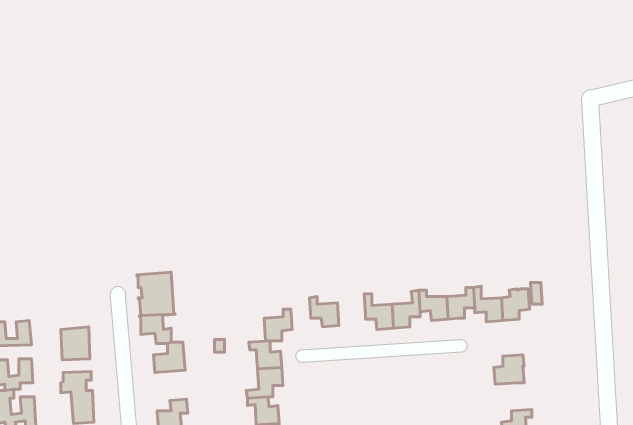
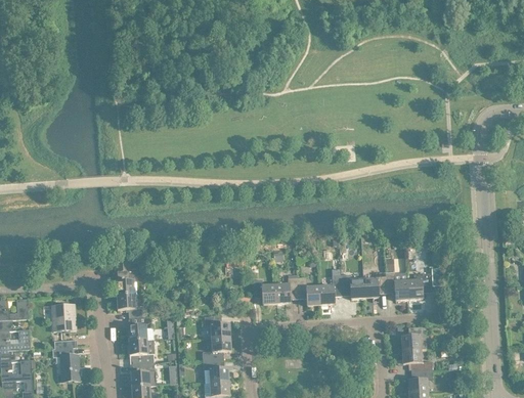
building: [264,309,292,341] -> [275,276,298,302]
building: none -> [128,338,154,362]
building: none -> [402,348,432,370]

